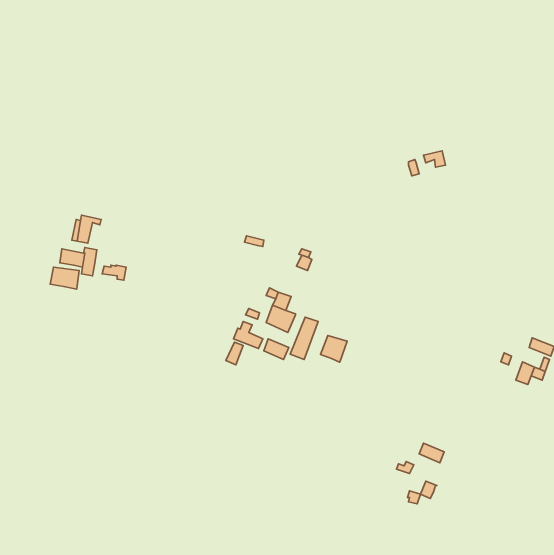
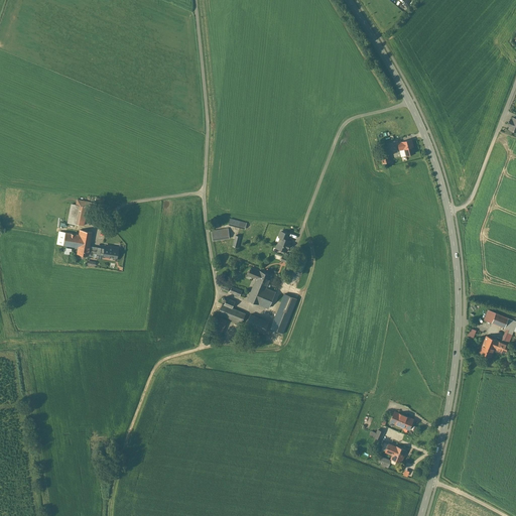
building: [50,267,79,289] -> none
building: [320,335,347,362] -> none

